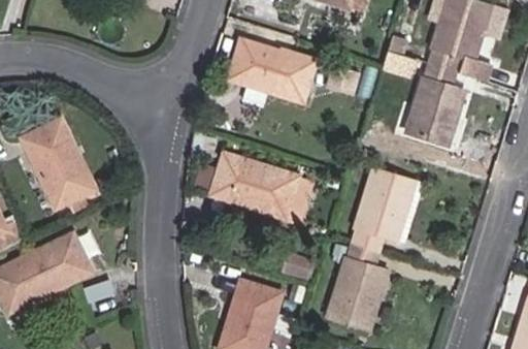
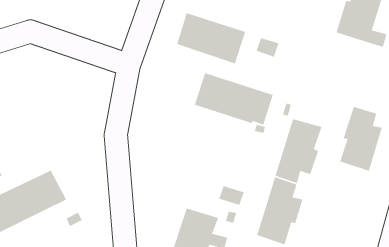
building: [409,62,464,145] -> [339,106,383,172]
building: [22,119,94,214] -> none
building: [210,152,310,219] -> [194,72,274,126]

